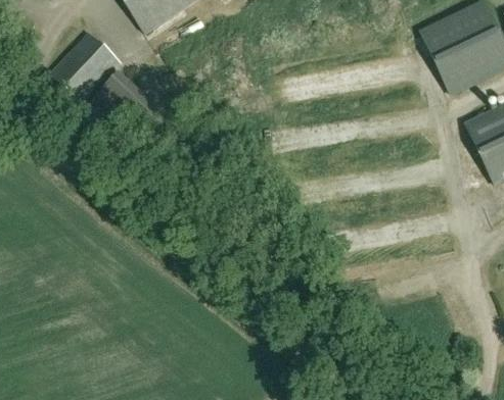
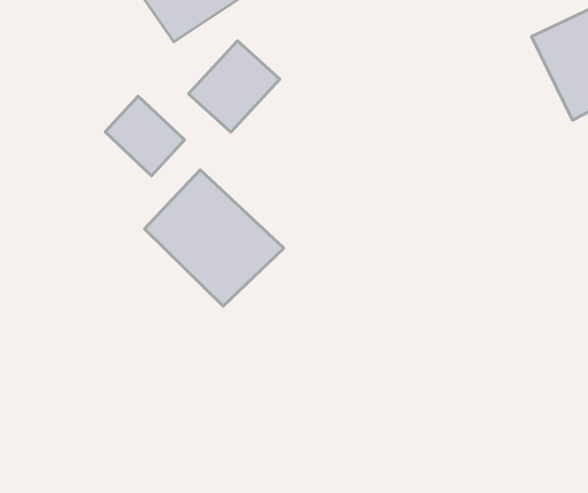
building: [49,33,120,103] -> [188,41,280,132]
building: none -> [144,170,284,306]

